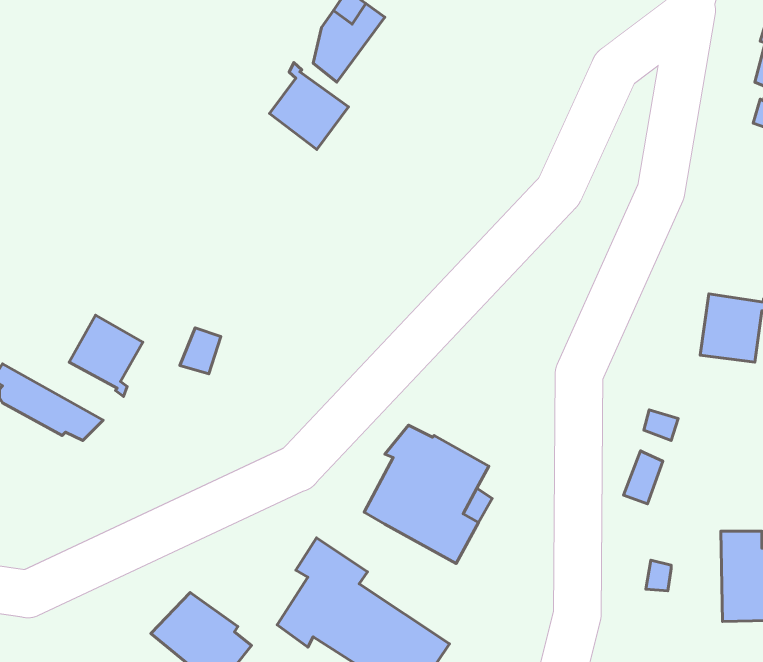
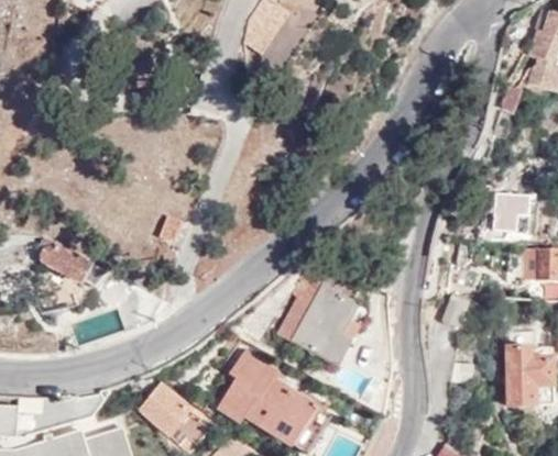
building: [269,62,348,149] -> none
building: [69,315,143,397] -> none

